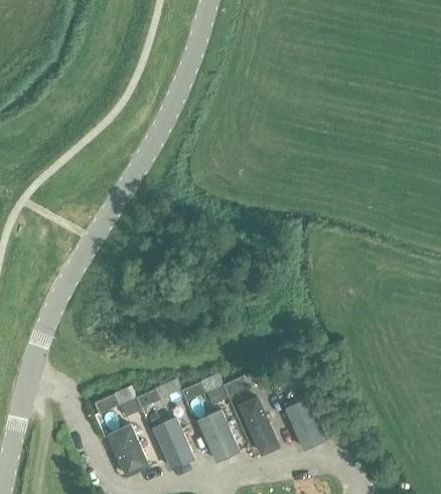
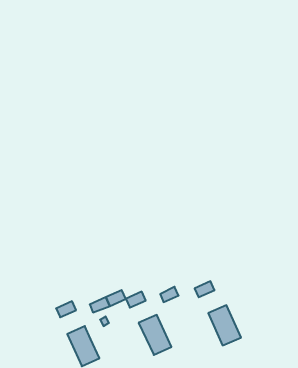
building: [240,397,278,454] -> none
building: [153,418,193,468] -> none

